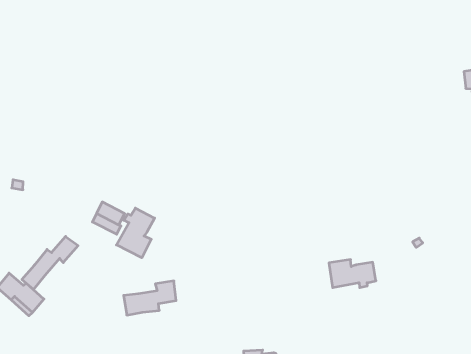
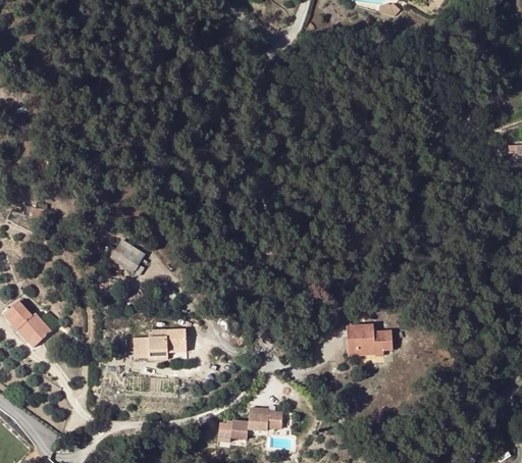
building: [116,208,155,258] -> none
building: [22,236,78,289] -> none

